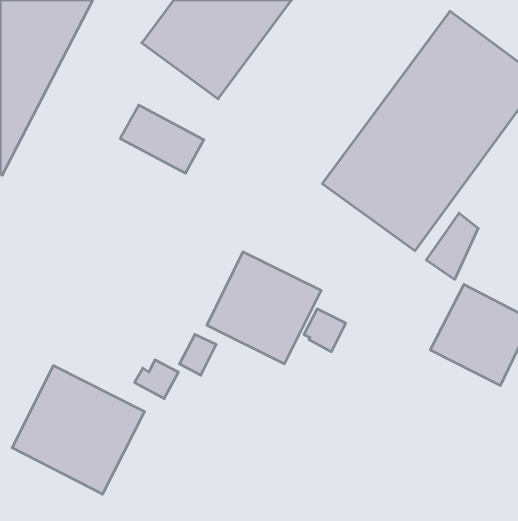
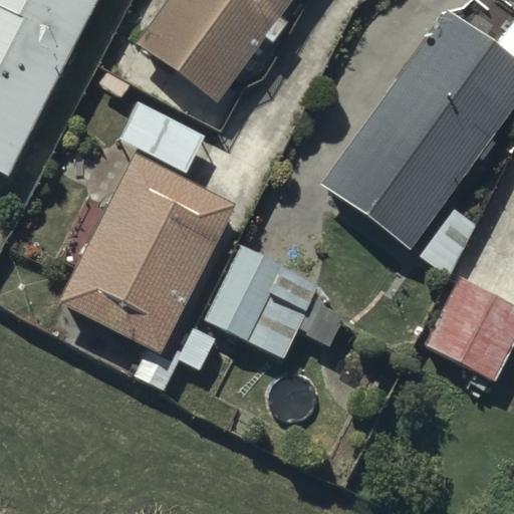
building: none -> [59,155,235,353]
building: [12,366,145,494] -> none

